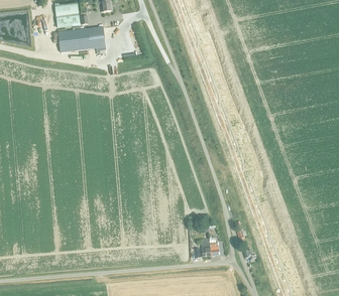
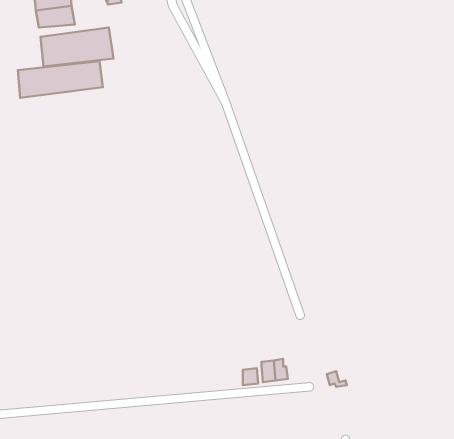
building: none -> [18,61,103,98]

